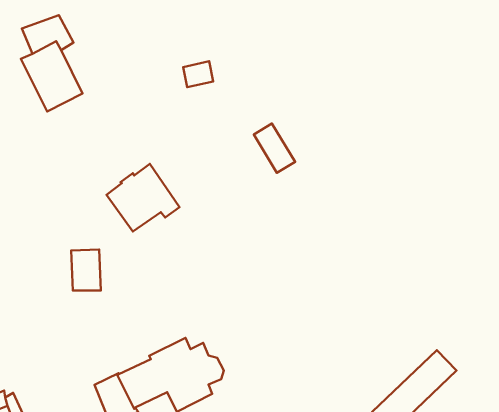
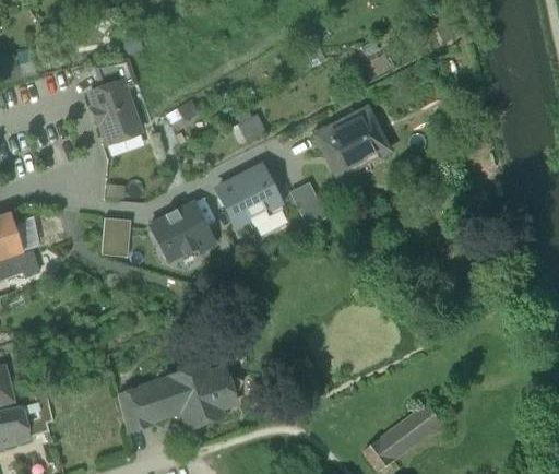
building: none -> [316,107,390,167]
building: none -> [217,167,280,225]
building: [71,249,101,291] -> [103,217,131,257]

